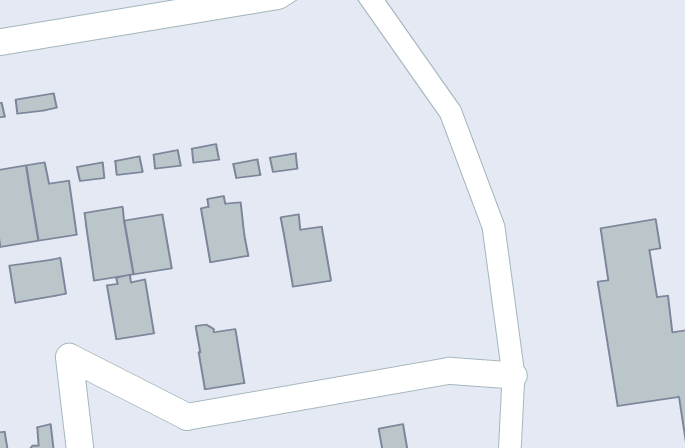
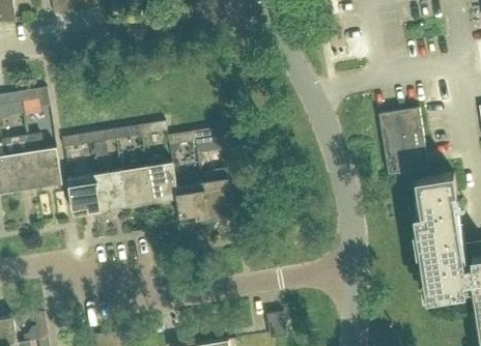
building: none -> [377,108,424,174]
building: [9,258,66,303] -> none
building: [107,275,154,339] -> [119,163,151,206]
building: [196,325,245,389] -> [174,179,207,223]

